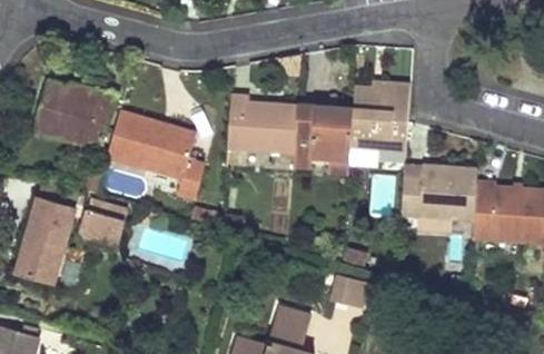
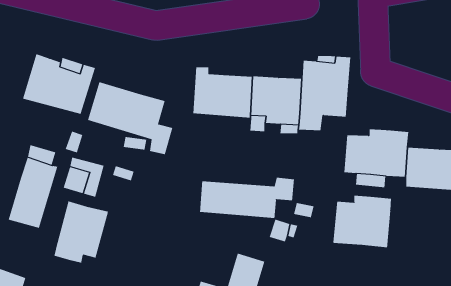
building: none -> [199,177,295,219]
building: none -> [333,195,391,248]
building: none -> [54,201,109,264]

